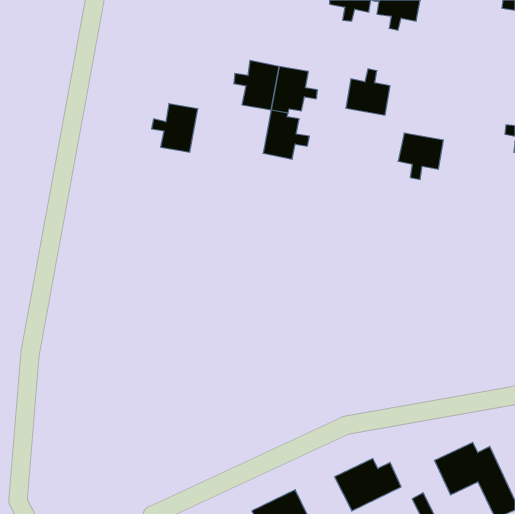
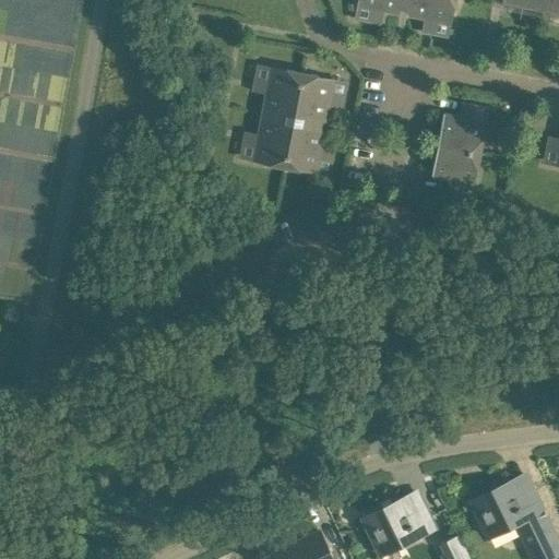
building: [346,69,390,115] -> [438,103,486,153]
building: [152,104,198,152] -> [243,115,294,167]

